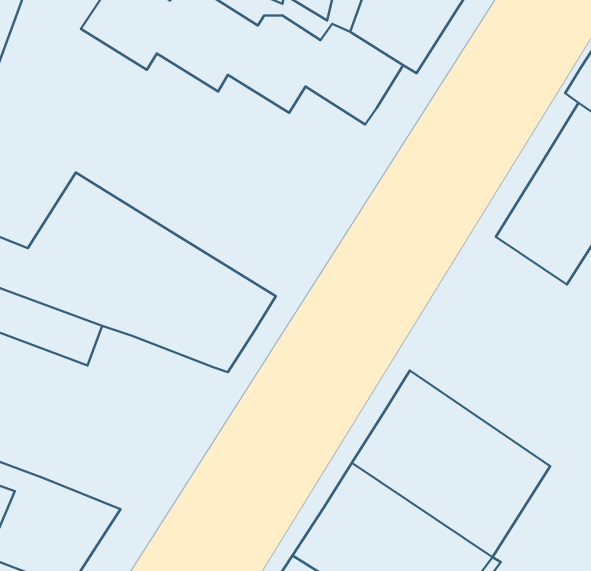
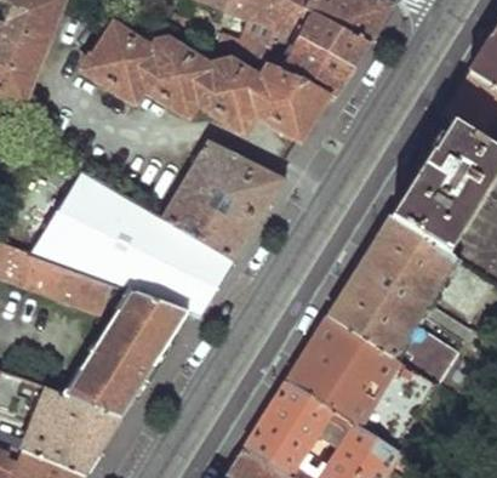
building: none -> [160,140,284,261]
building: none -> [331,217,458,388]
building: none -> [62,290,187,417]

